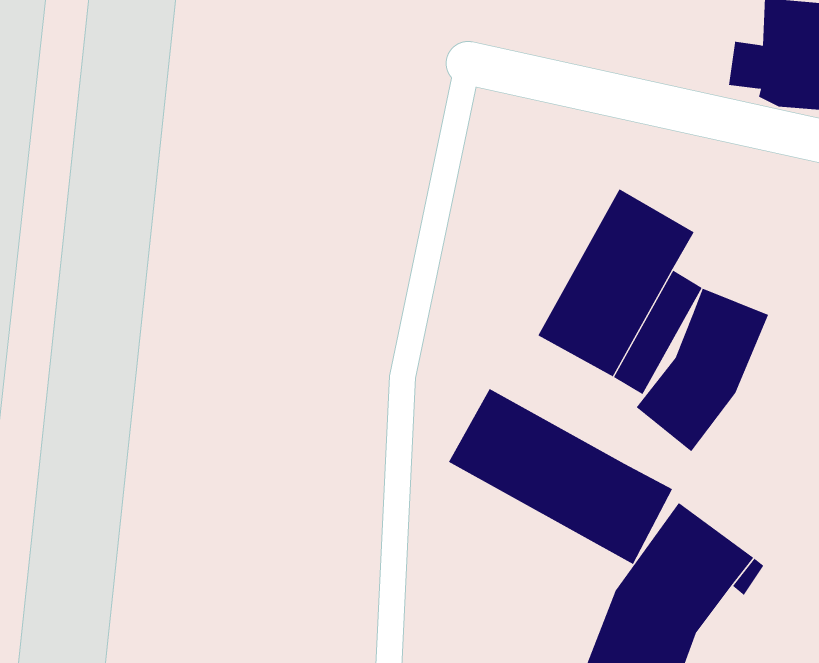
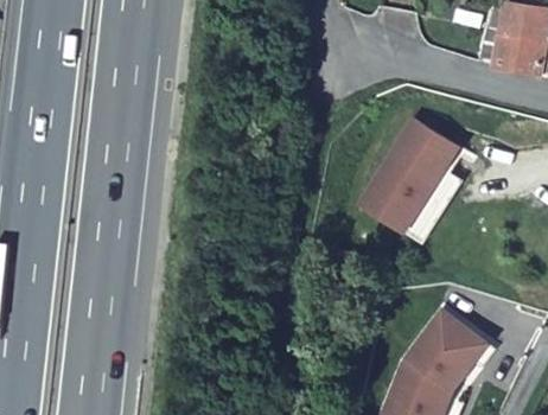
building: [636,288,769,452] -> none
building: [448,388,673,565] -> none

